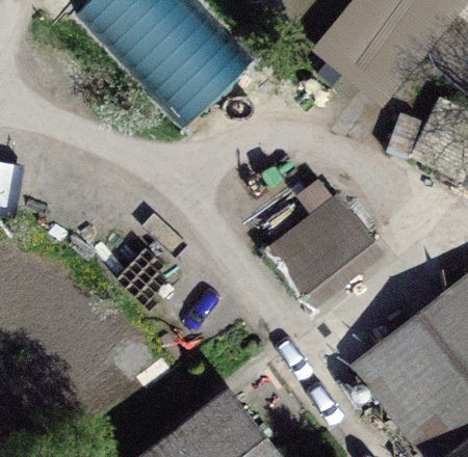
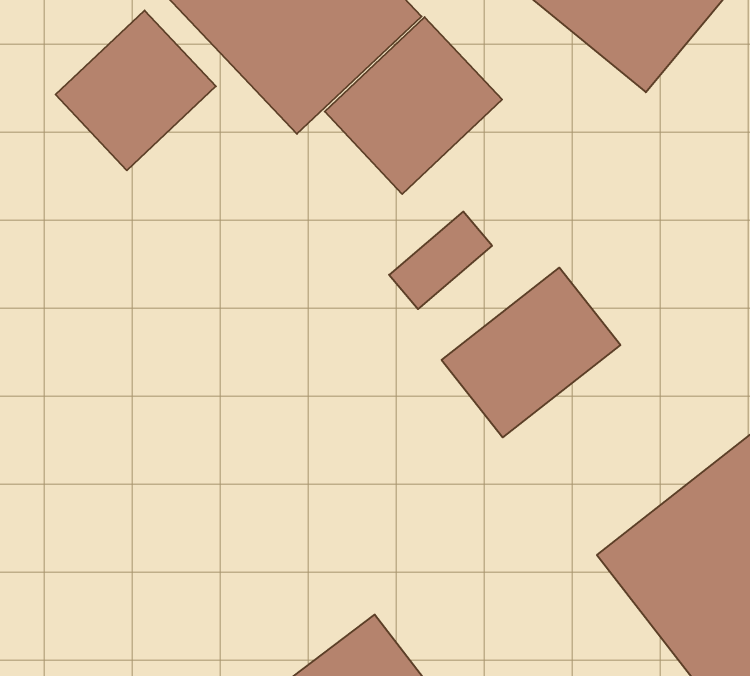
building: none -> [56,10,216,170]
building: none -> [325,17,502,194]

